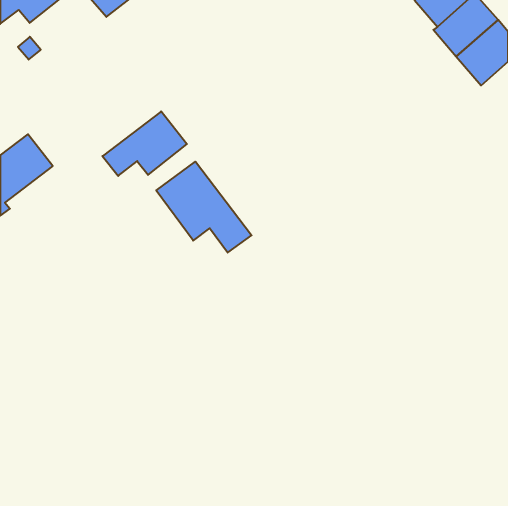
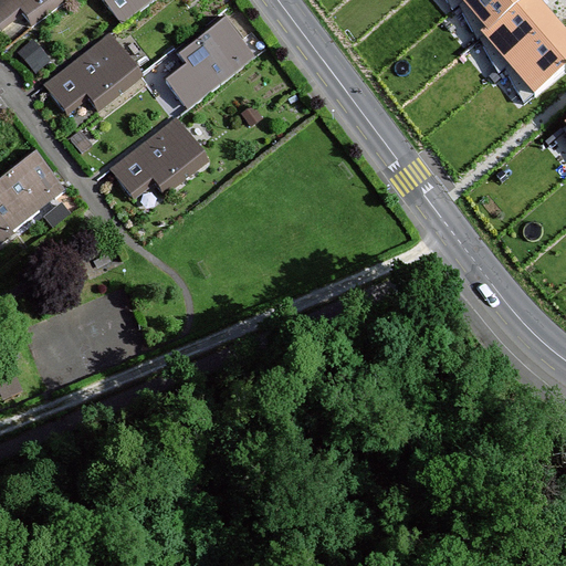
building: none -> [167,15,249,103]
building: none -> [49,40,142,112]
building: [156,162,252,253] -> none

